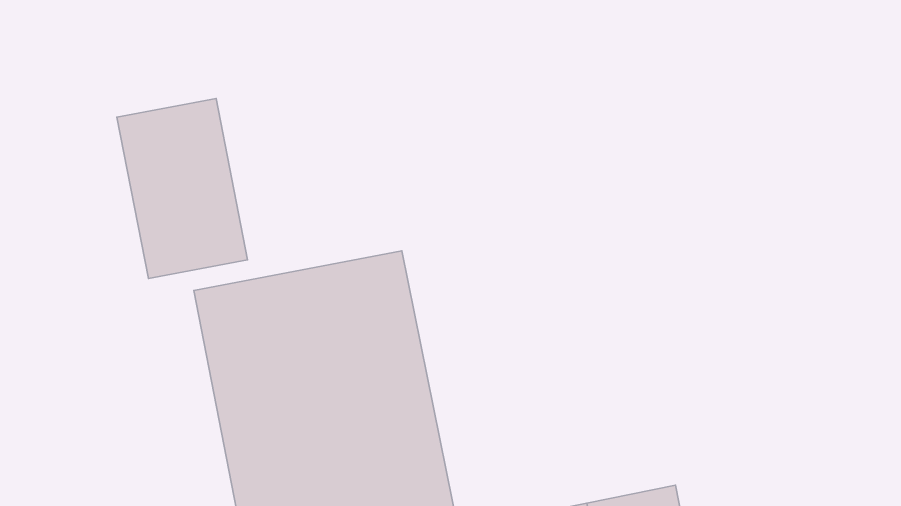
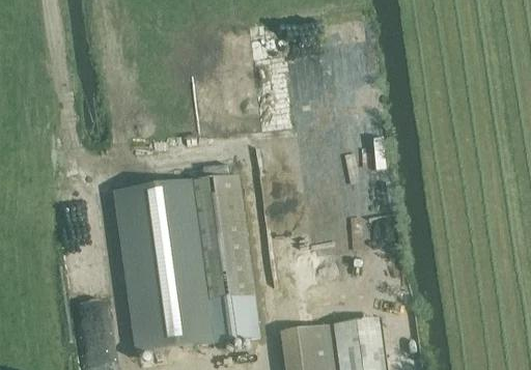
building: [117,98,247,279] -> none

